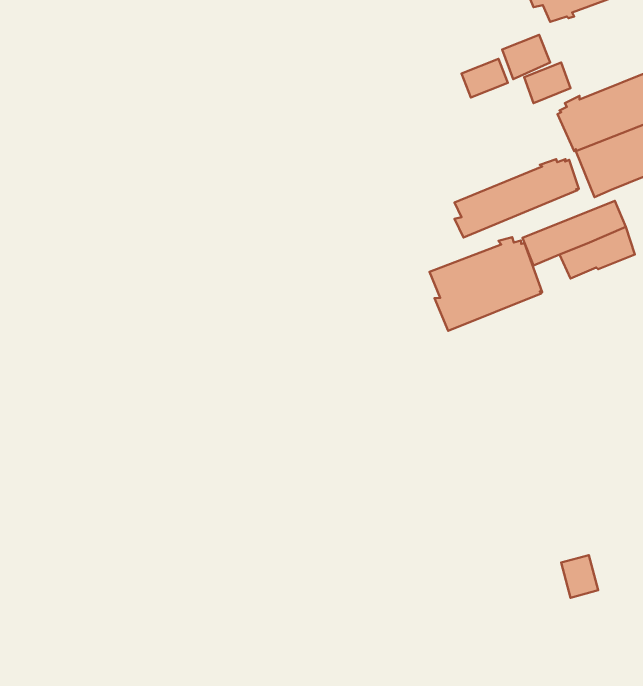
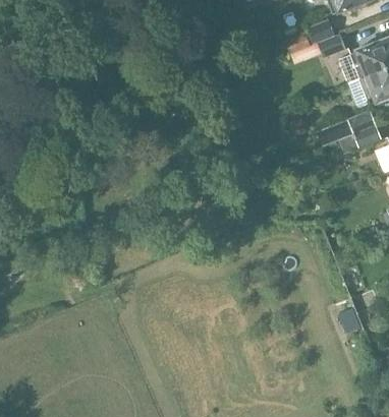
building: [455,159,579,238] -> none
building: [430,237,542,331] -> none

